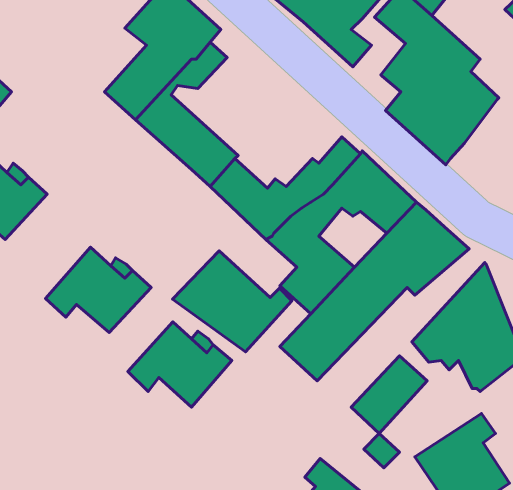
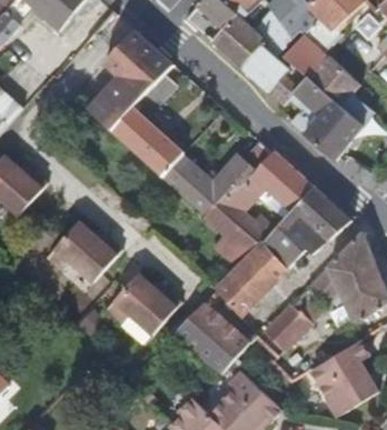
building: [172,251,292,352] -> [171,300,257,372]

